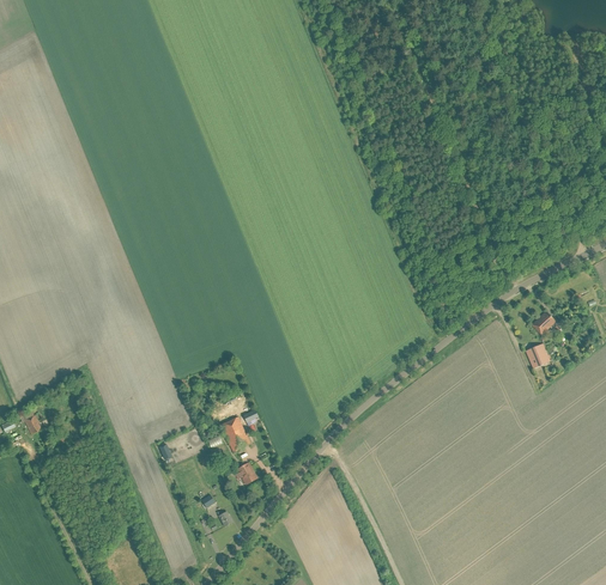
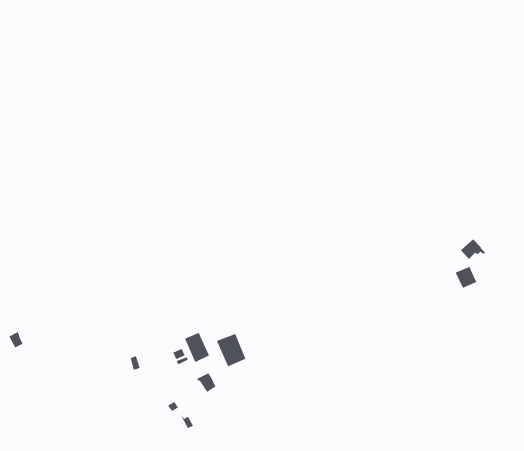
building: none -> [216,333,246,367]

